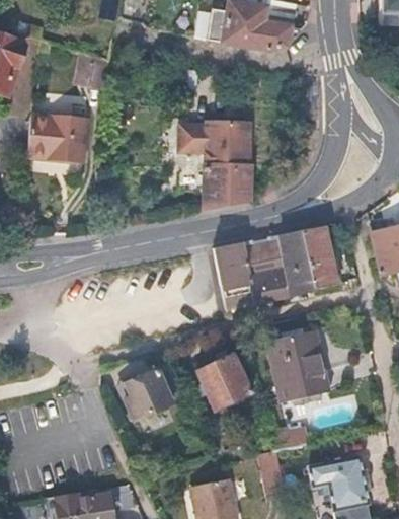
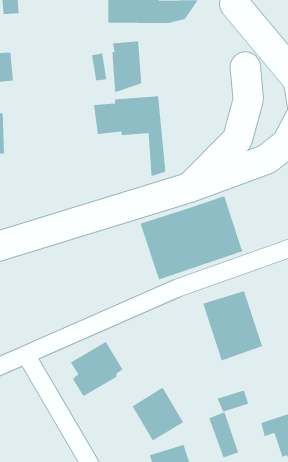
building: [202,158,233,210] -> [111,40,142,93]
building: [304,227,336,288] -> none
building: [200,355,251,410] -> [131,386,184,441]

